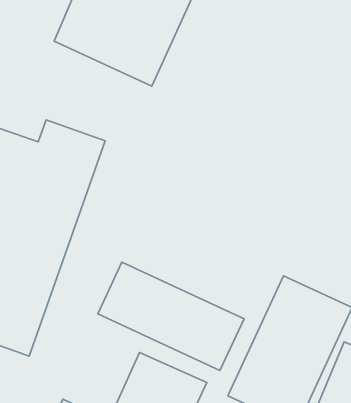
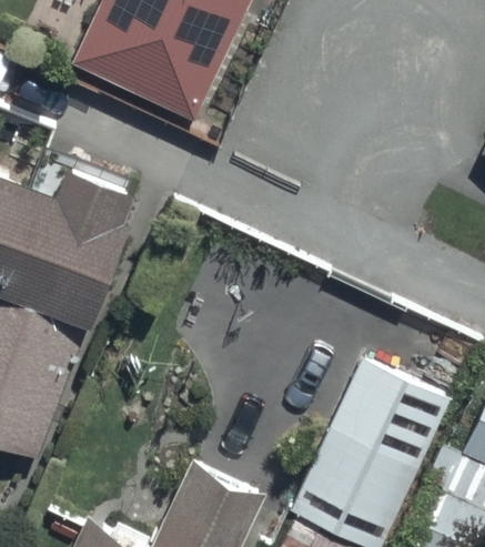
building: [98,262,244,371] -> none

